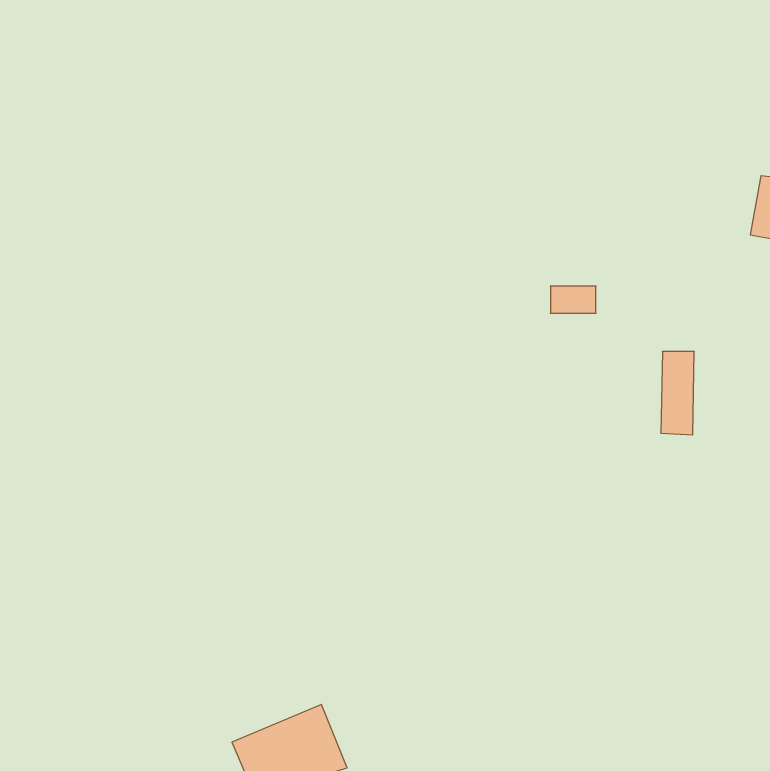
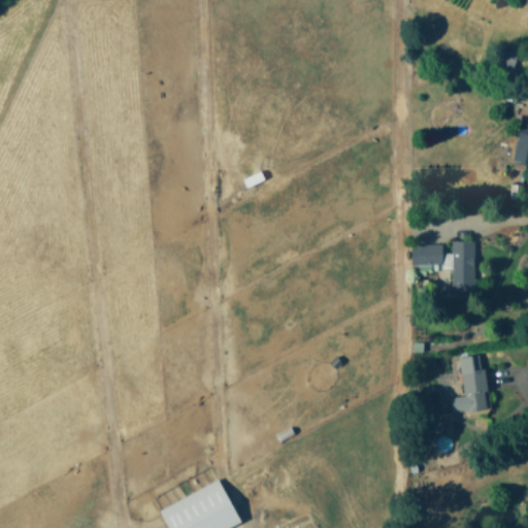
building: [550,286,596,313] -> [411,244,442,263]
building: none -> [450,355,489,414]

